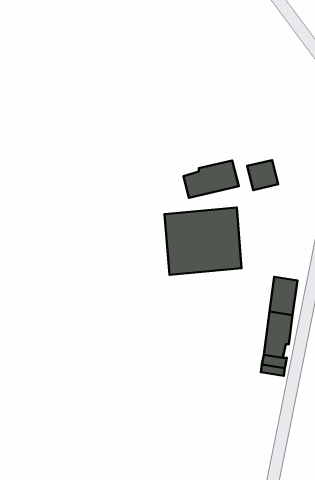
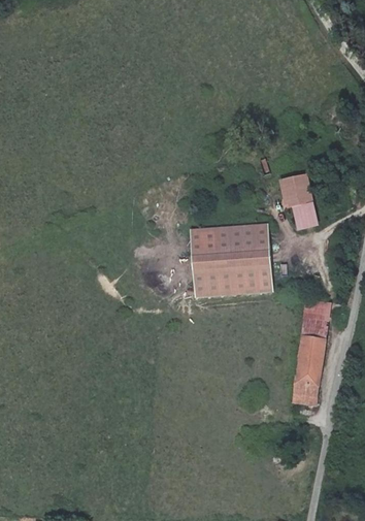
building: [184,160,239,198] -> none
building: none -> [292,203,317,228]

